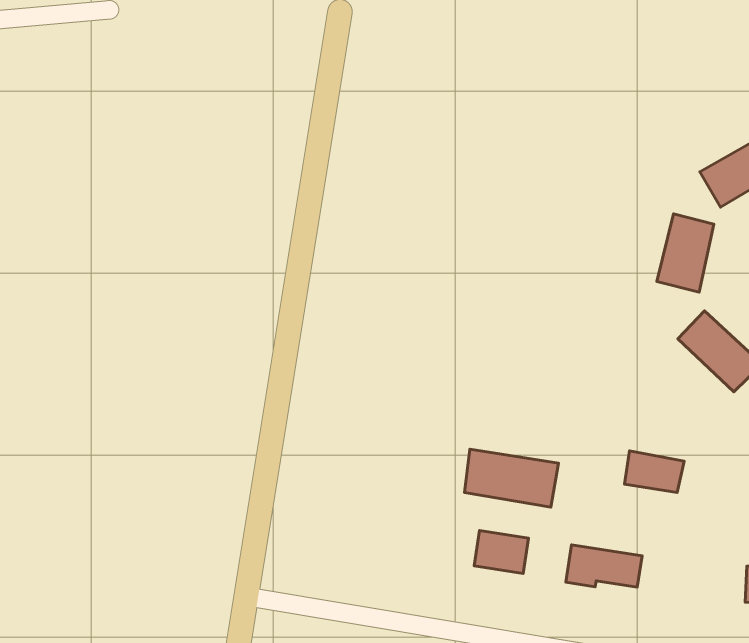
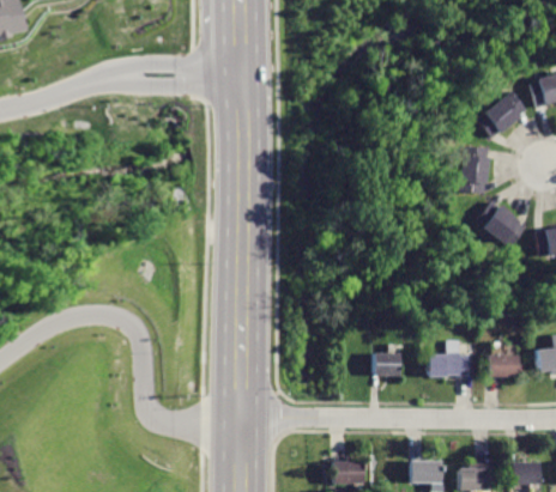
building: [464,449,558,507] -> none
building: [624,451,684,492] -> [490,356,524,376]

